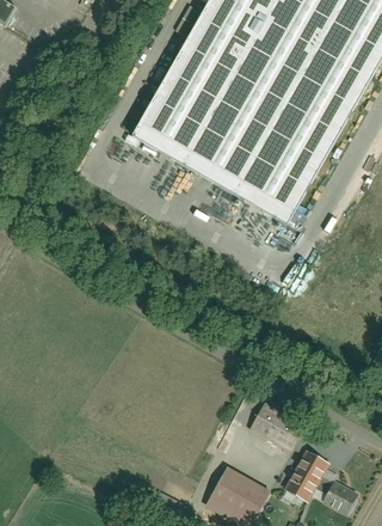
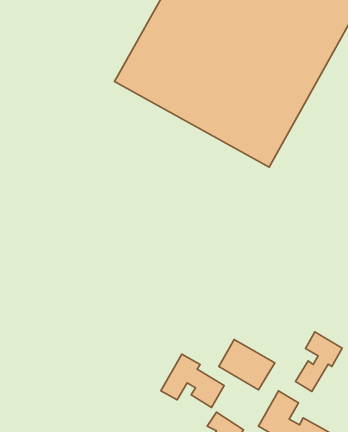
building: none -> [295,332,342,391]
building: none -> [161,354,224,407]

